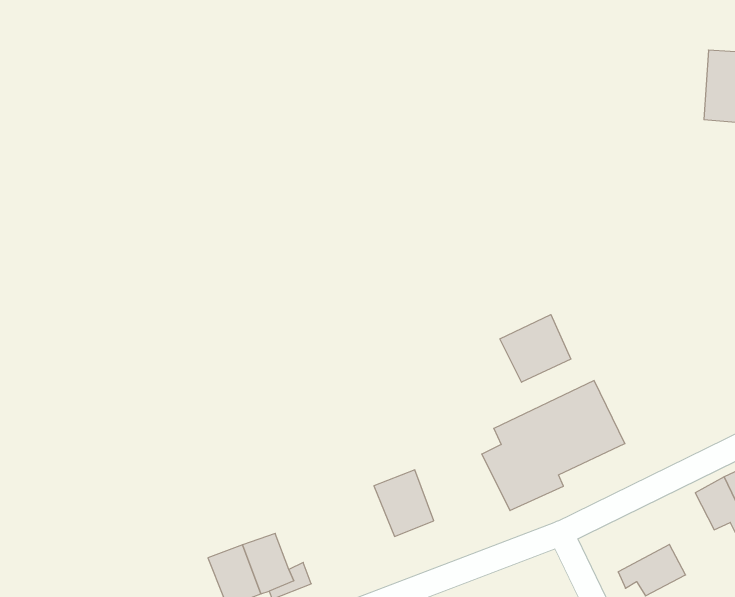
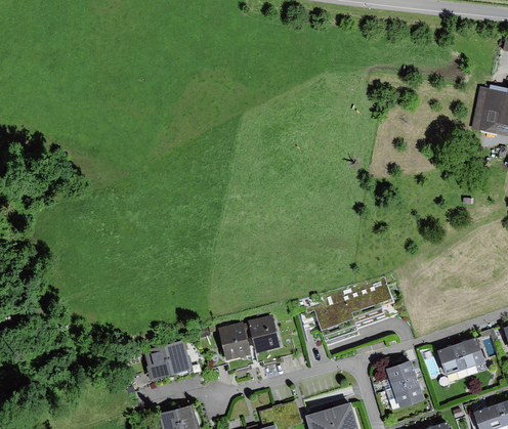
building: [500,315,571,382] -> none
building: none -> [217,321,250,360]
building: none -> [382,359,418,391]

